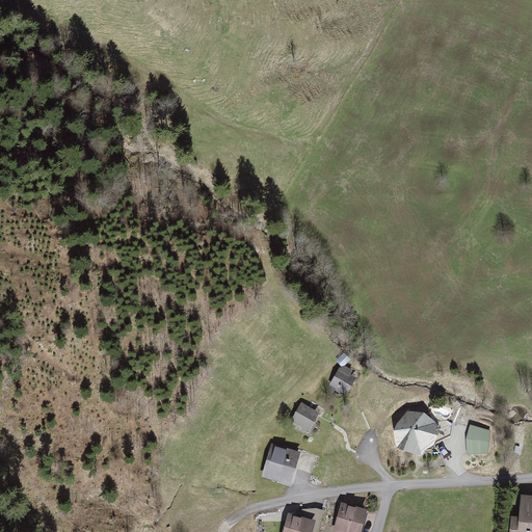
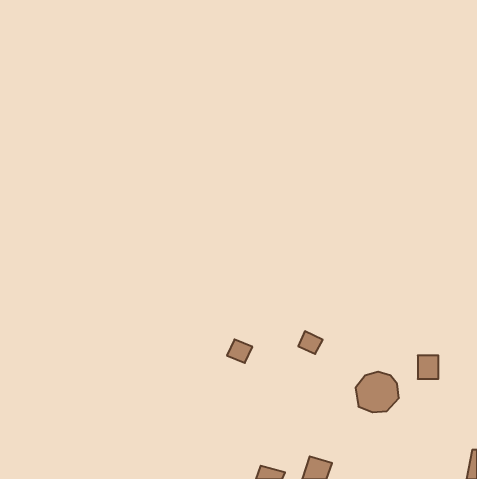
building: [293,403,321,429] -> [227,339,252,363]
building: [463,426,486,452] -> [418,355,438,379]
building: [262,449,300,483] -> none

